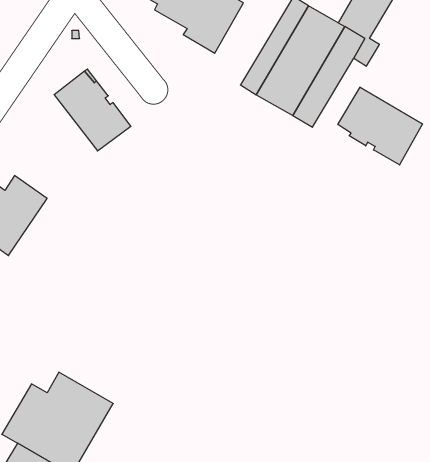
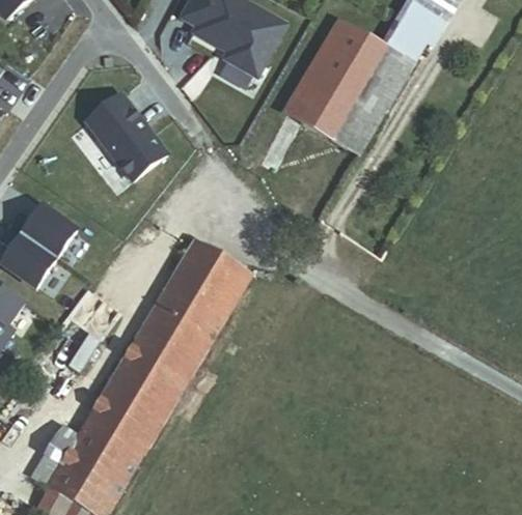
building: [338,87,423,165] -> none
building: none -> [91,238,251,445]

